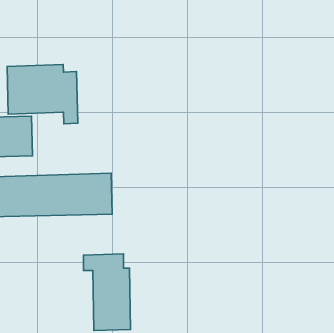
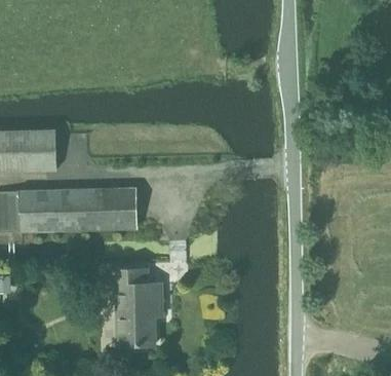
building: [7,64,78,124] -> none

